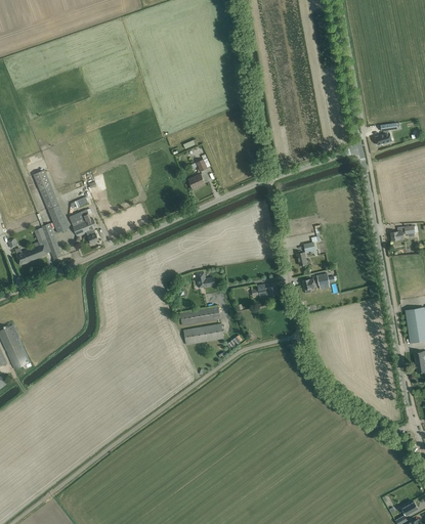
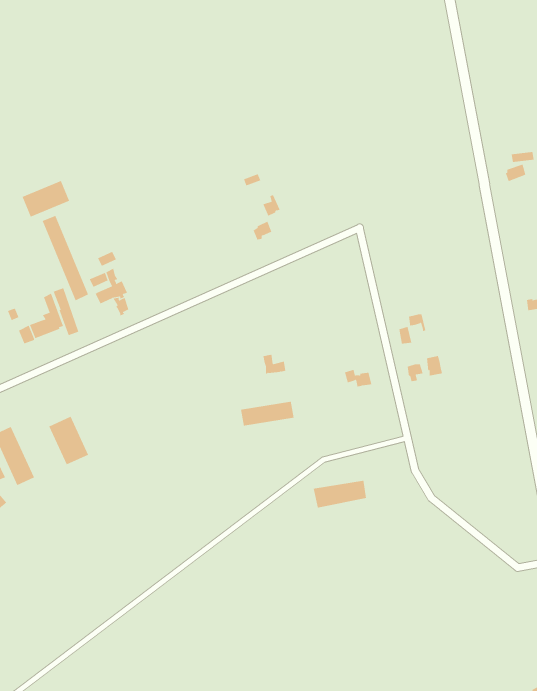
building: none -> [22,180,70,217]
building: none -> [49,416,89,465]
building: [183,324,223,345] -> [313,480,367,508]

